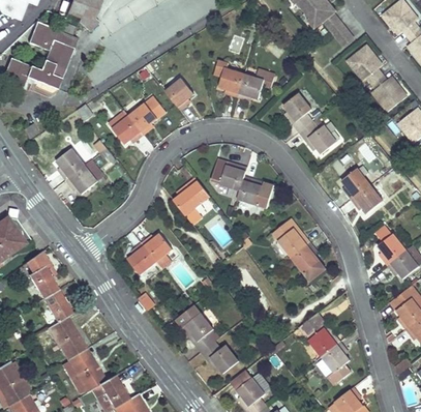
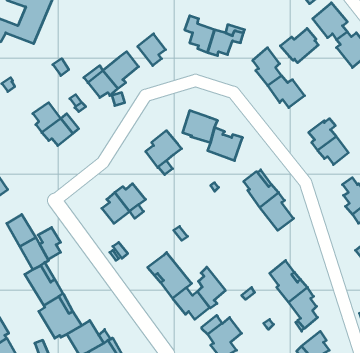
building: none -> [280,28,318,63]
building: none -> [38,227,61,259]
building: none -> [198,267,225,308]

